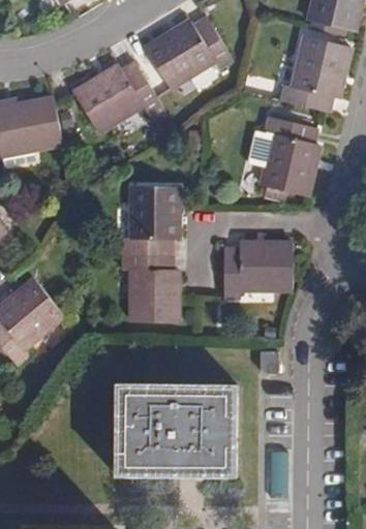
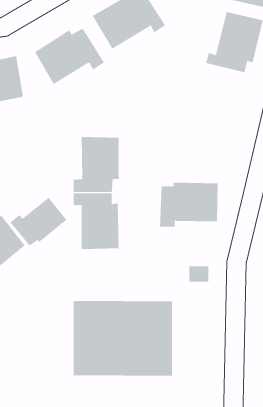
building: [260,118,318,195] -> none
building: none -> [9,197,67,247]

